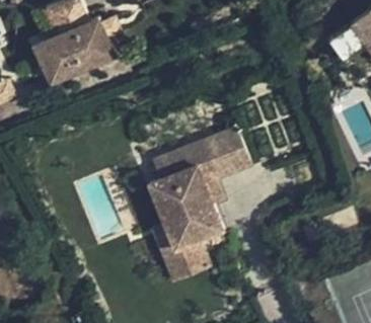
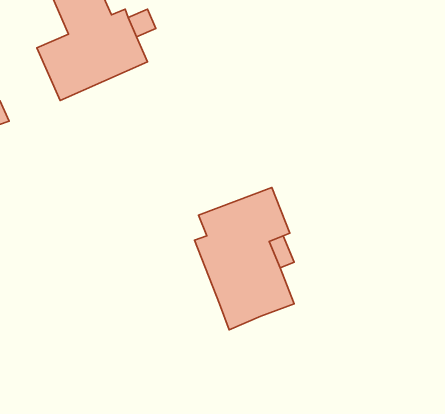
building: [205,133,249,179] -> none
building: [153,231,208,284] -> none

